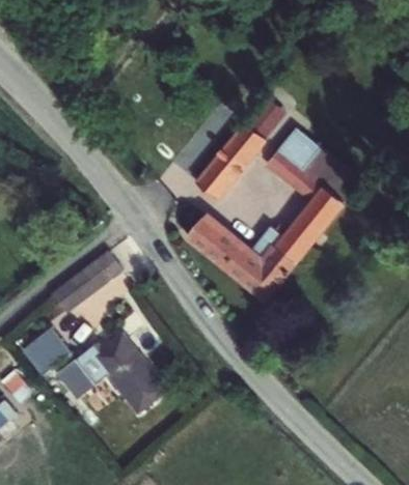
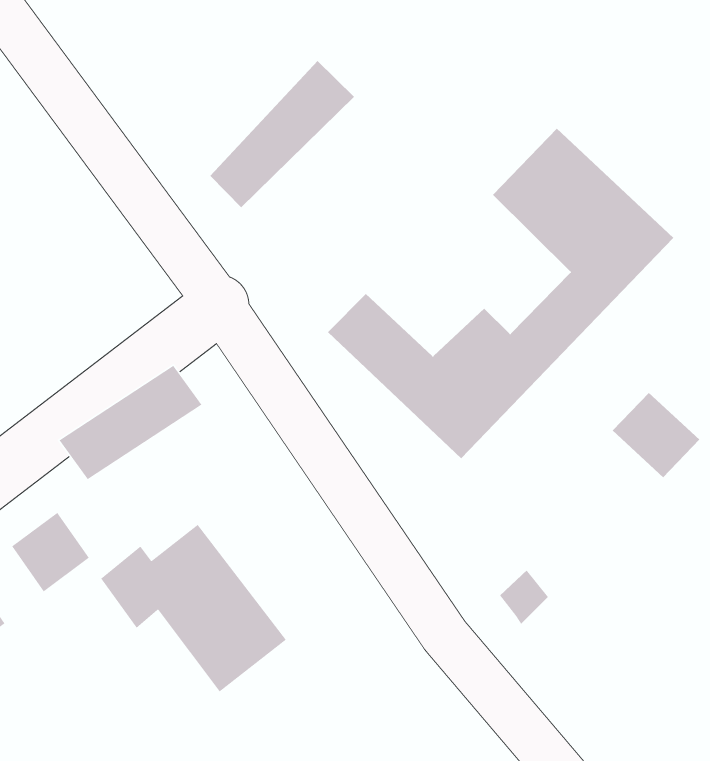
building: [198,114,271,194] -> [210,60,355,208]
building: none -> [612,392,700,478]

